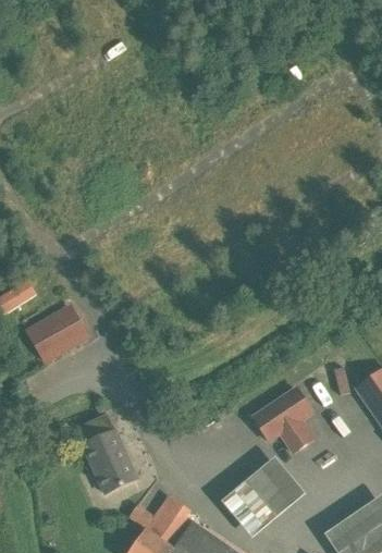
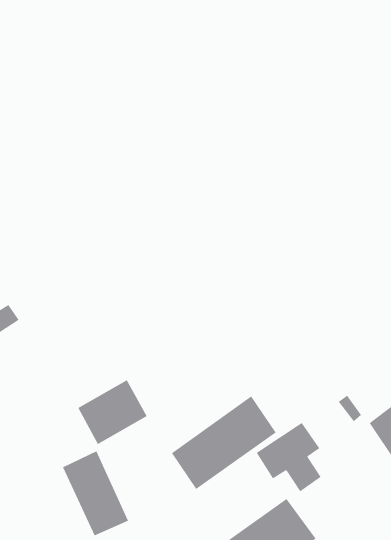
building: [26,304,90,364] -> [77,379,147,445]
building: none -> [171,396,277,490]

